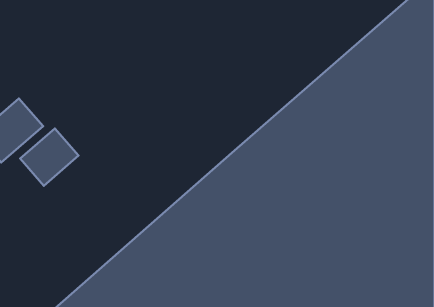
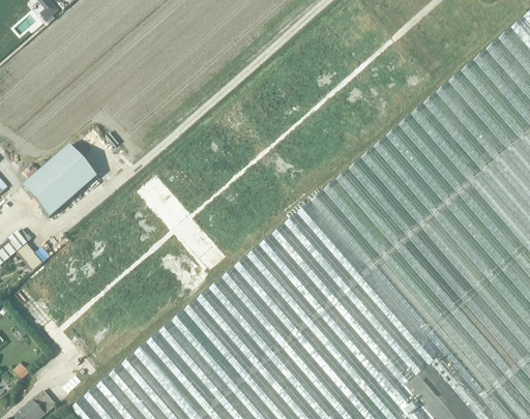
building: [20,128,79,186] -> none

